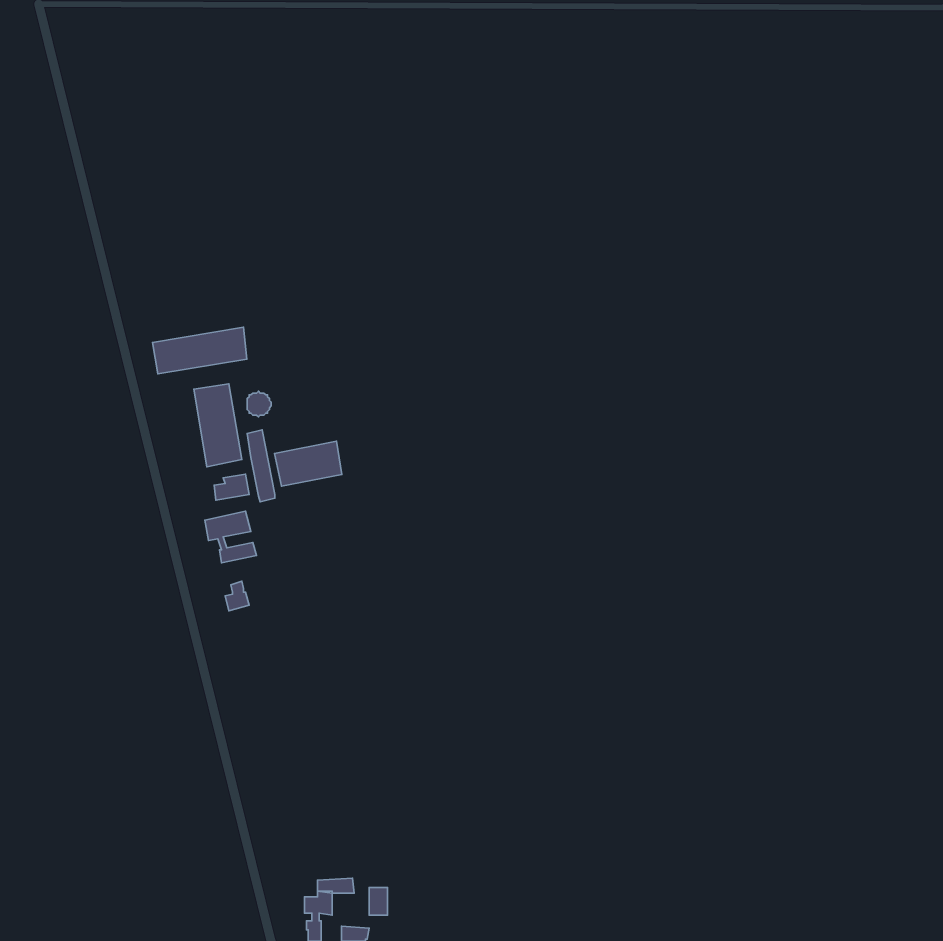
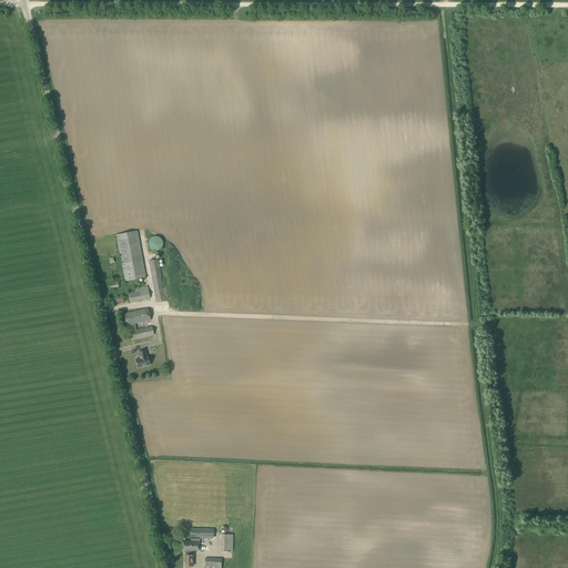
building: [152,327,247,374] -> none
building: [275,441,342,486] -> none

